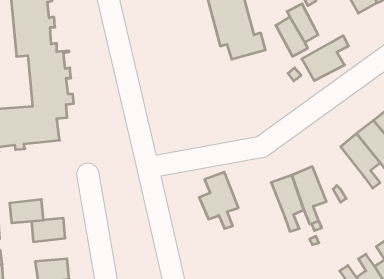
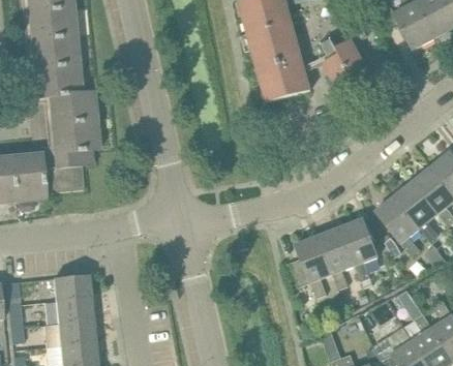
building: [302,36,348,81] -> none
building: none -> [375,195,420,254]
building: [199,172,238,229] -> [290,235,333,297]
building: [10,199,43,223] -> [56,296,93,322]

